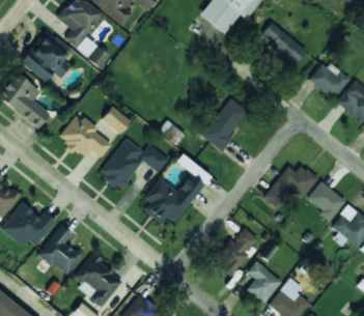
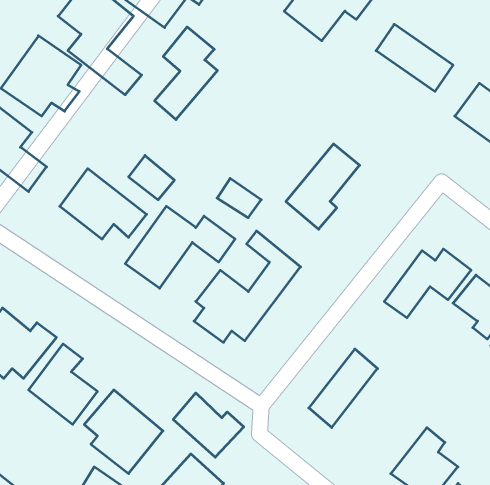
building: none -> [155,27,217,120]
building: none -> [173,393,244,457]
building: [247,261,282,304] -> none

